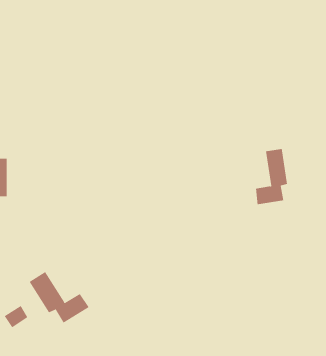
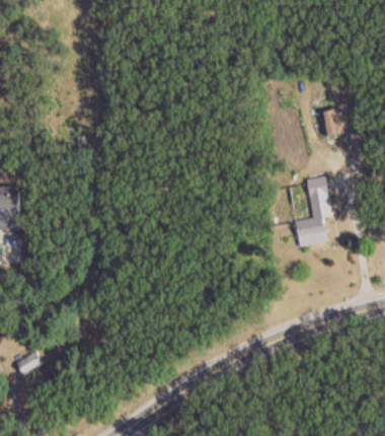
building: none -> [319,107,340,135]
building: [29,271,90,324] -> none

